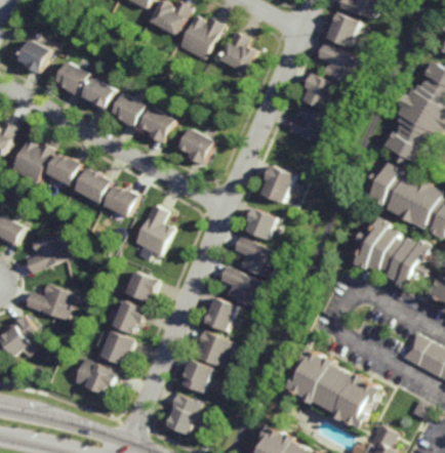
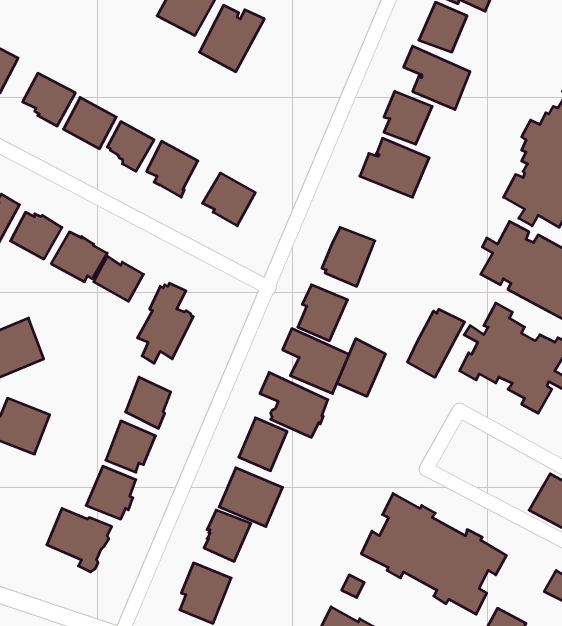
building: [216,32,254,74] -> none
building: none -> [408,309,465,377]
building: none -> [337,339,385,396]

